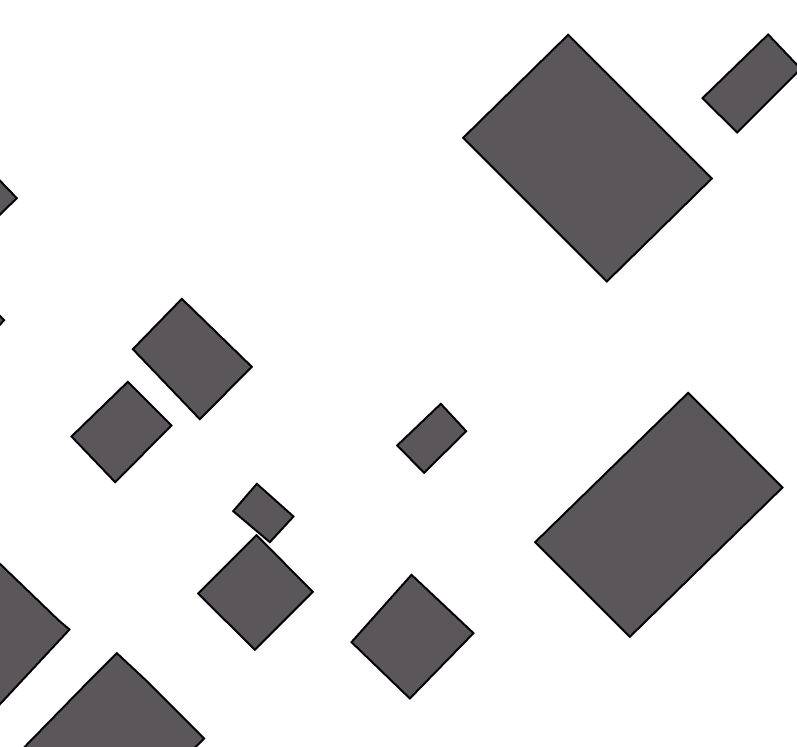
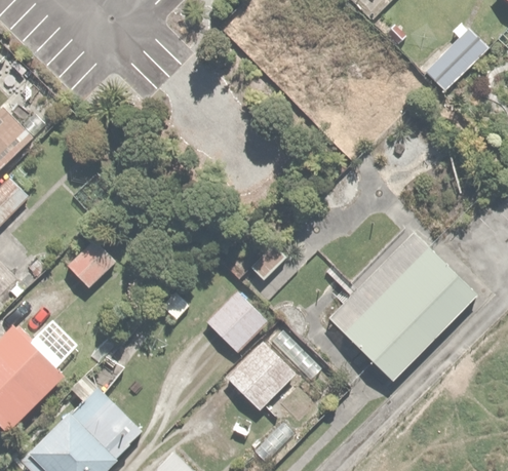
building: [463,35,712,281] -> none
building: [133,299,252,419] -> none
building: [198,535,313,650] -> [204,288,269,353]

